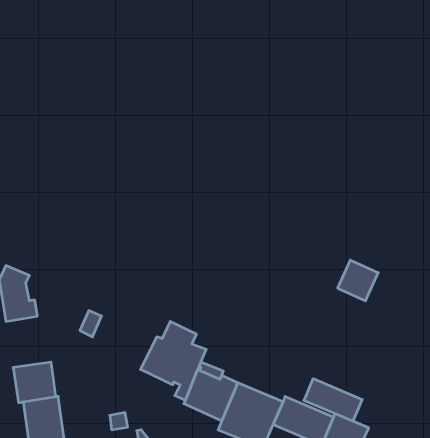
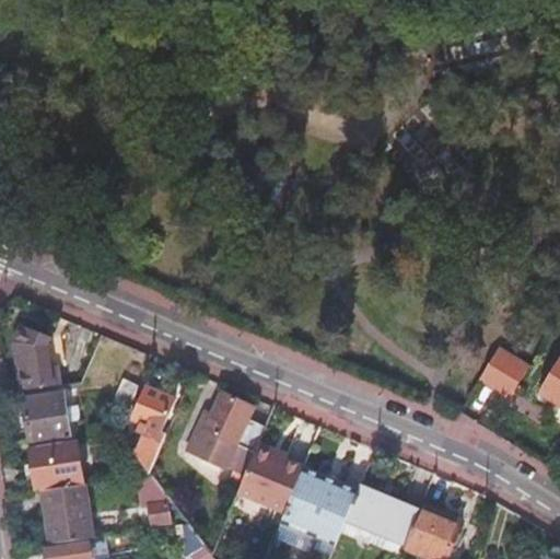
building: [338,260,378,301] -> [480,348,529,397]
building: none -> [130,387,175,475]
building: none -> [23,394,71,445]
building: [304,379,362,421] -> none

